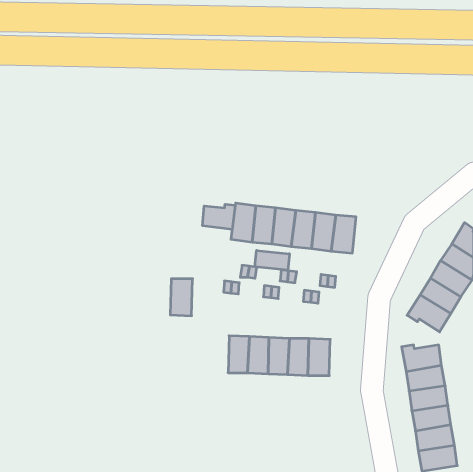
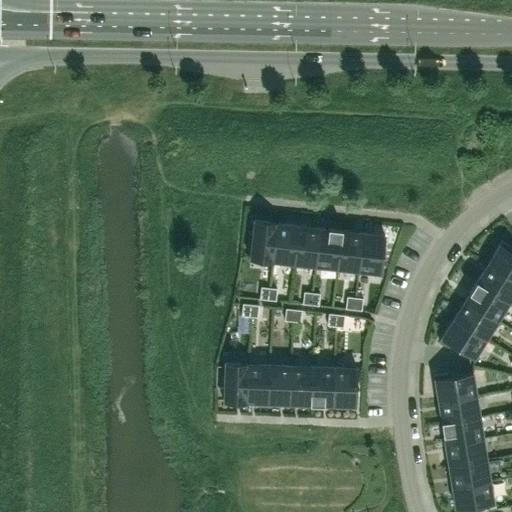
building: [203,204,235,230] -> none
building: [255,250,289,270] -> none
building: [170,279,193,316] -> [224,364,248,404]

